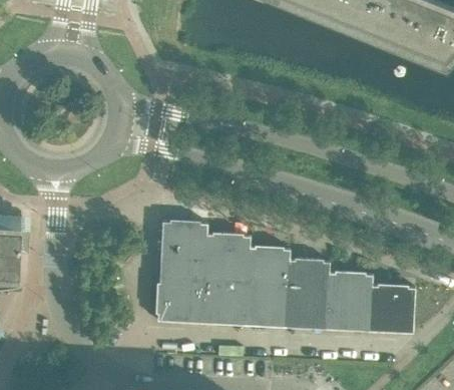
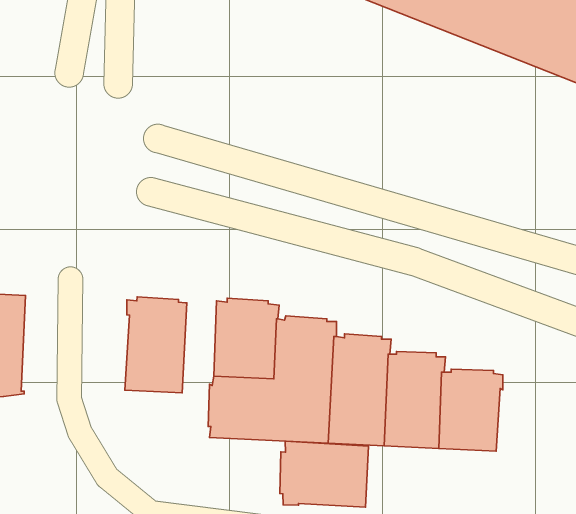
building: none -> [125,297,187,393]
building: [367,286,415,335] -> none
building: none -> [280,441,369,507]

